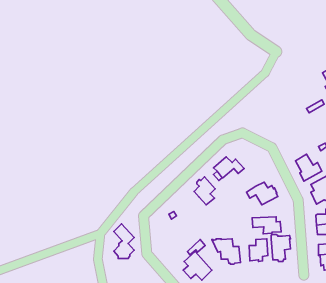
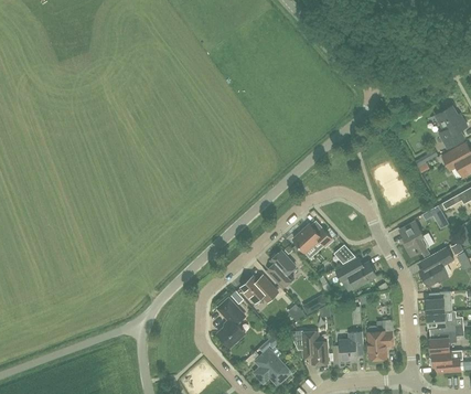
building: none -> [240,274,277,301]
building: [252,217,281,234] -> none
building: [114,224,134,259] -> [217,298,244,343]

